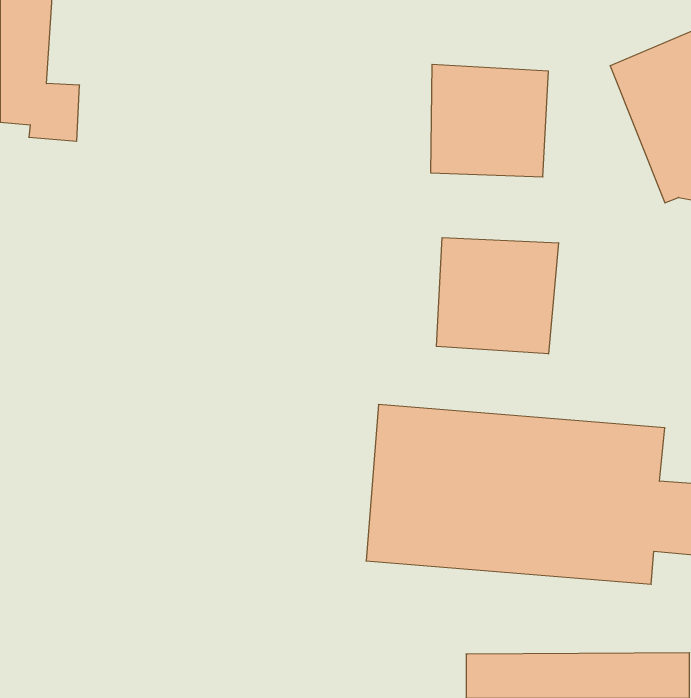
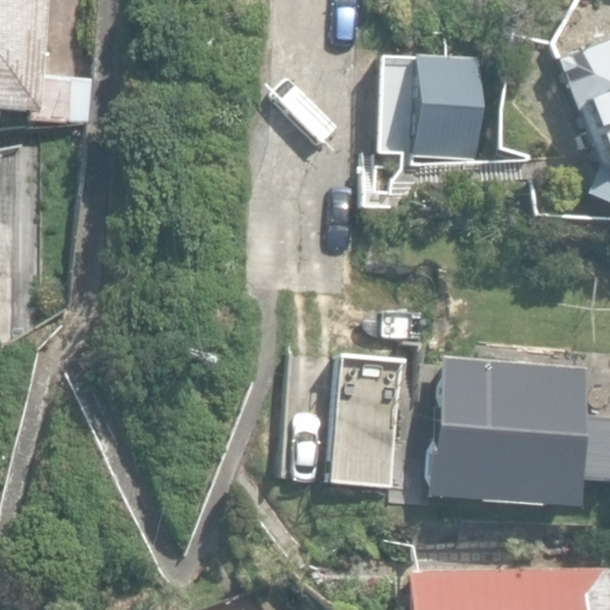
building: [436,238,559,354] -> none

